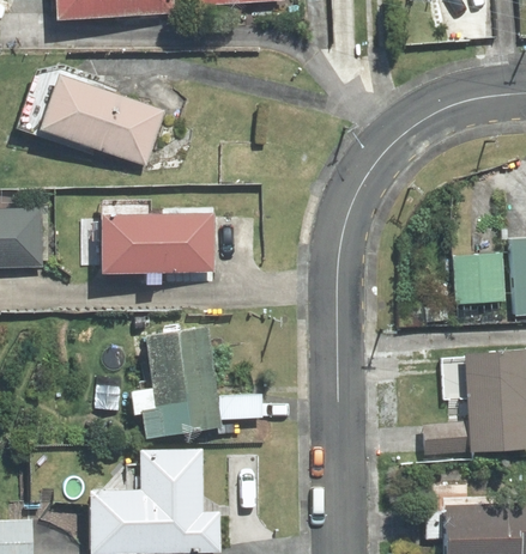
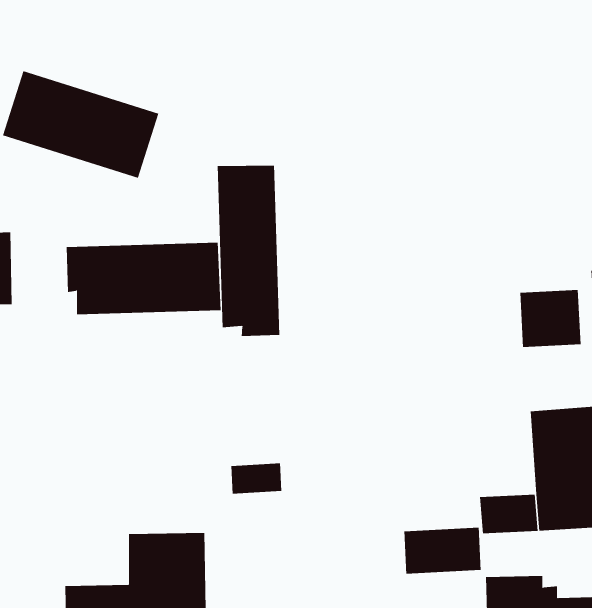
building: none -> [217,165,280,337]
building: [129,329,223,439] -> none
building: none -> [404,527,481,575]

